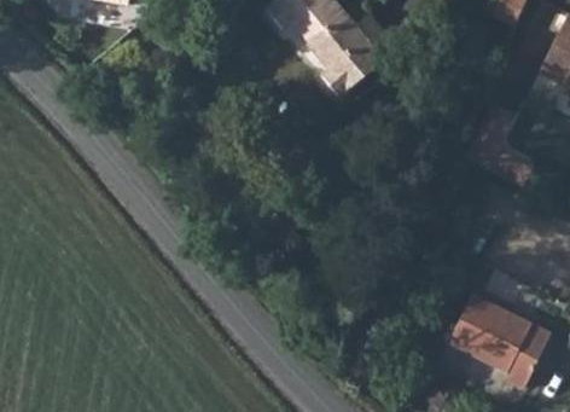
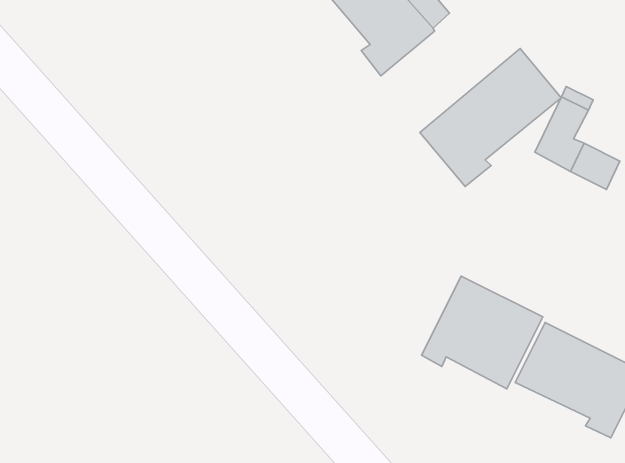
building: none -> [420,49,561,186]
building: none -> [422,276,543,389]

